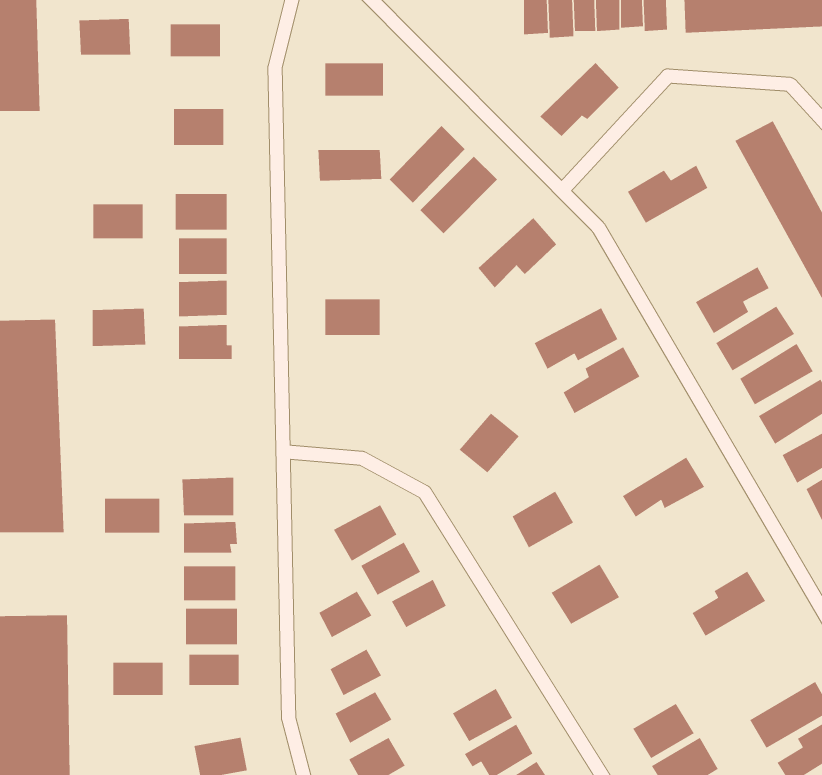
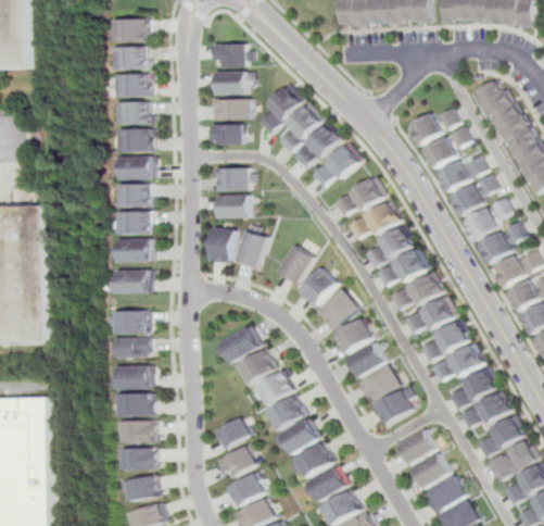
building: [79,18,131,56] -> [114,45,148,68]
building: [539,62,619,137] -> [291,122,342,170]
building: none -> [212,71,253,95]
building: none -> [210,122,241,143]
building: none -> [422,126,470,168]
building: [92,203,143,239] -> [117,100,150,123]
building: none -> [437,154,486,192]
building: none -> [216,166,255,190]
building: none -> [333,176,385,216]
building: [92,308,146,347] -> [121,238,155,263]
building: none -> [236,224,267,270]
building: none -> [210,226,235,262]
building: none -> [277,245,314,285]
building: none -> [375,248,429,287]
building: none -> [389,272,443,311]
building: none -> [316,290,358,331]
building: none -> [419,320,467,363]
building: [104,498,160,534] -> [121,270,156,292]
building: none -> [344,341,385,379]
building: none -> [430,345,481,381]
building: [318,590,372,638] -> [268,399,303,429]
building: none -> [372,386,414,426]
building: none -> [458,391,509,429]
building: none -> [475,415,526,458]
building: none -> [274,418,319,454]
building: [112,662,163,696] -> [126,448,159,469]
building: none -> [396,429,435,465]

